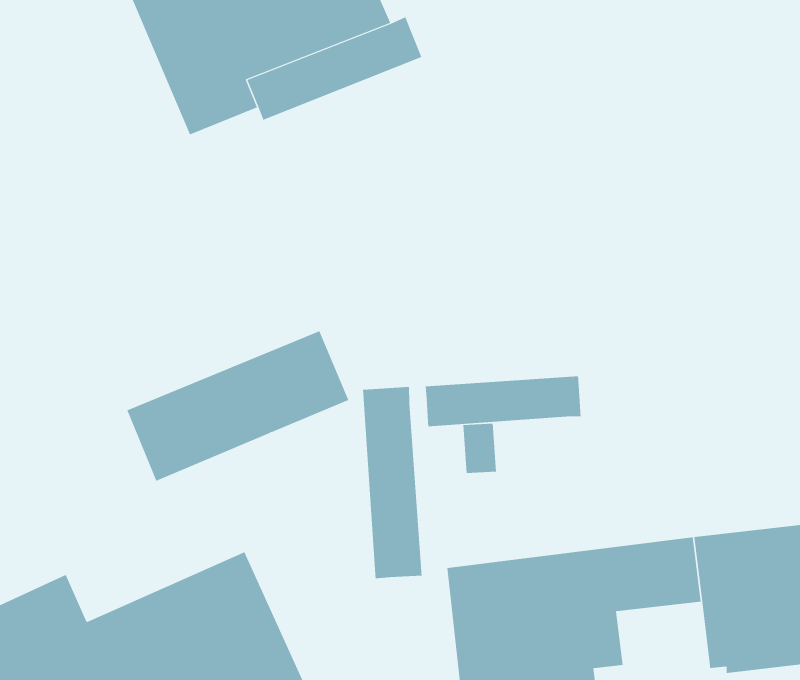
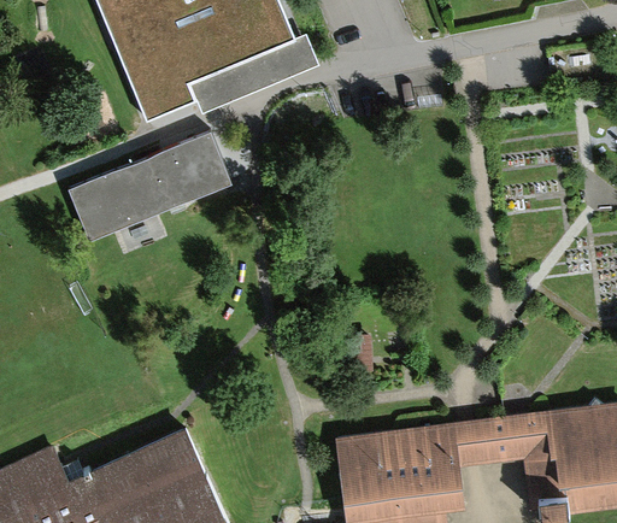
building: [126,330,349,482] -> [69,125,234,237]
building: [425,376,581,427] -> none
building: [363,386,422,579] -> none

